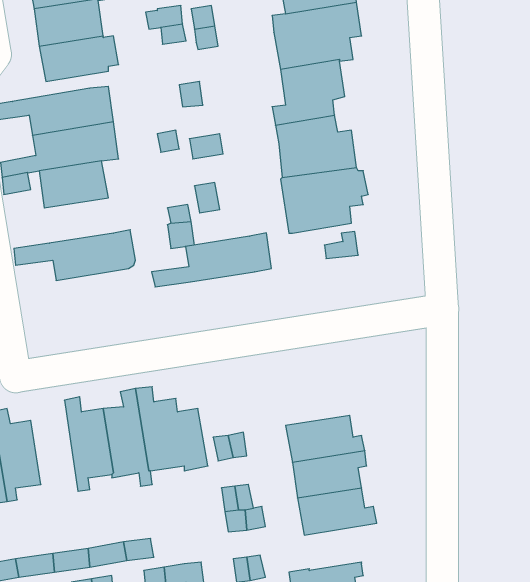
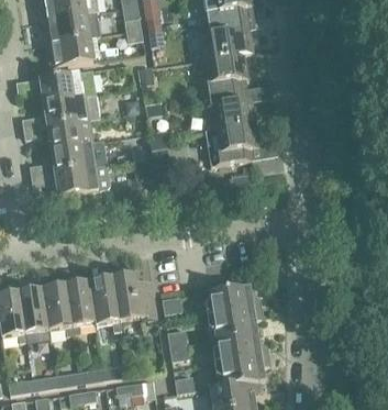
building: [152,233,271,287] -> [30,142,108,177]
building: none -> [43,276,74,336]
building: none -> [221,356,269,387]

